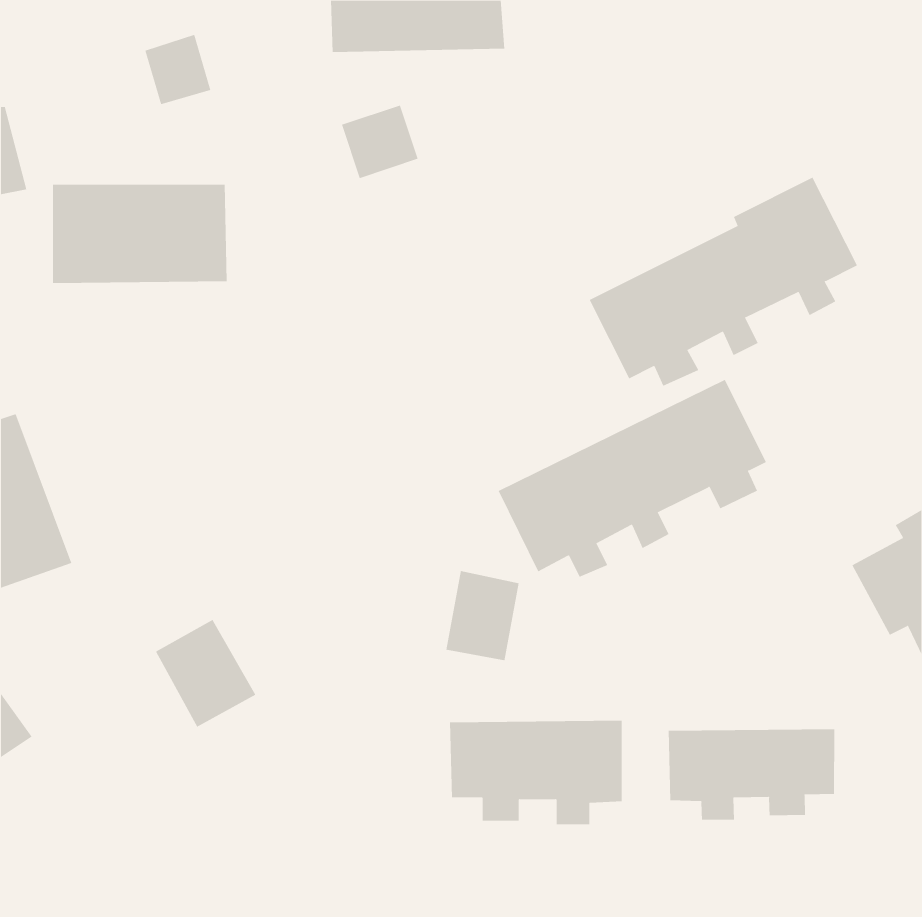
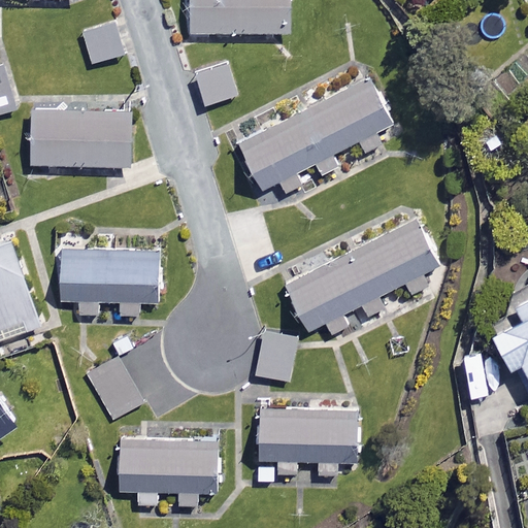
building: [589,177,858,386] -> [238,73,392,193]
building: none -> [60,249,158,315]
building: [668,729,835,821] -> none
building: none -> [117,438,218,505]

